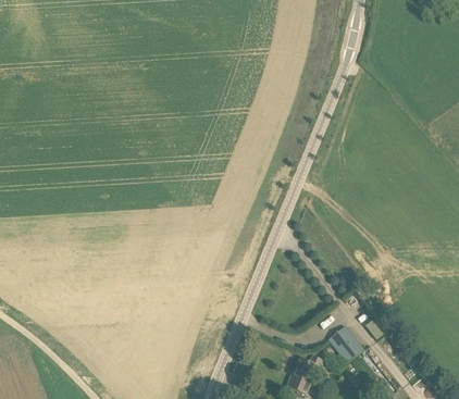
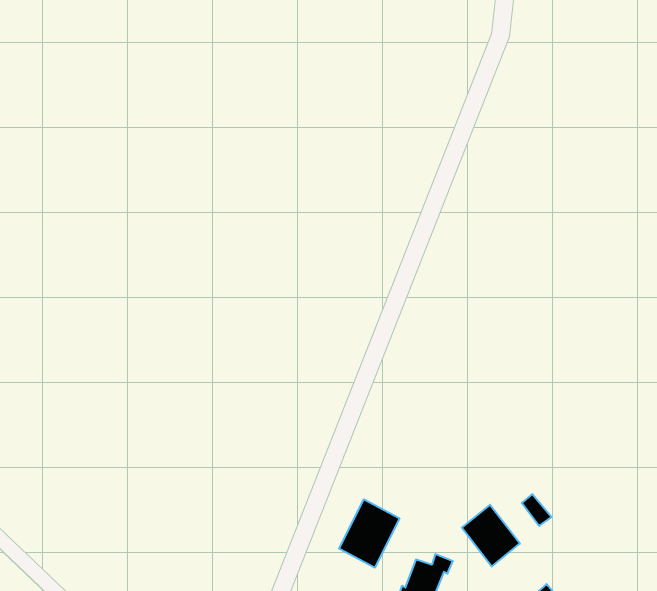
building: none -> [339,499,399,568]

